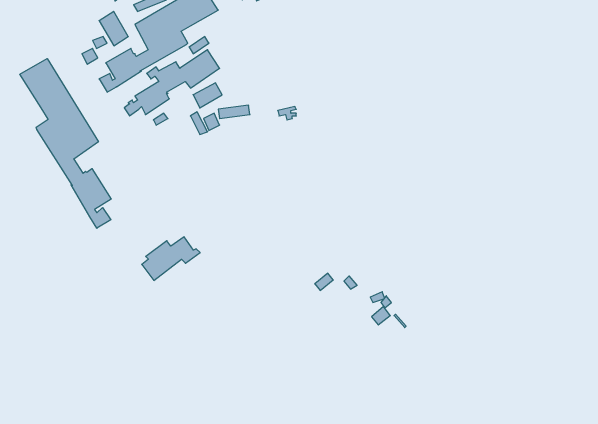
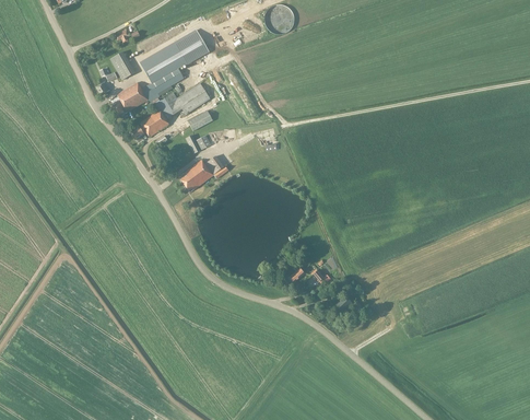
building: [20,59,111,228] -> none
building: [142,237,200,280] -> [181,155,229,191]

